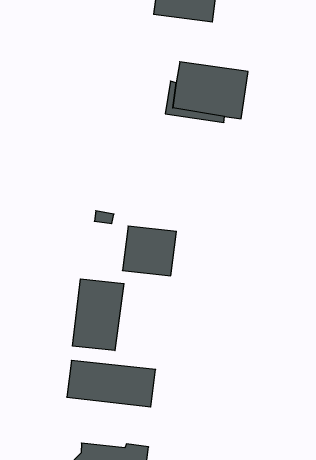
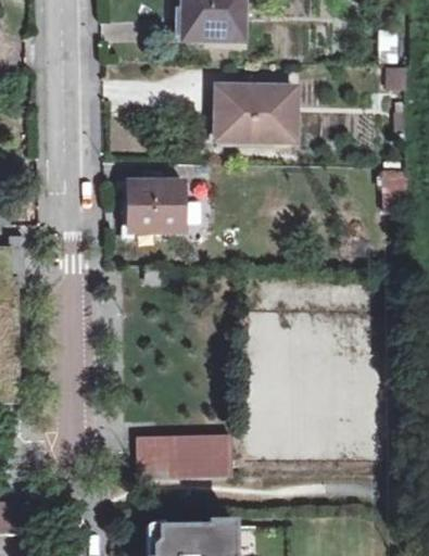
building: [122,226,176,276] -> [130,181,185,232]
building: [73,279,124,351] -> none

